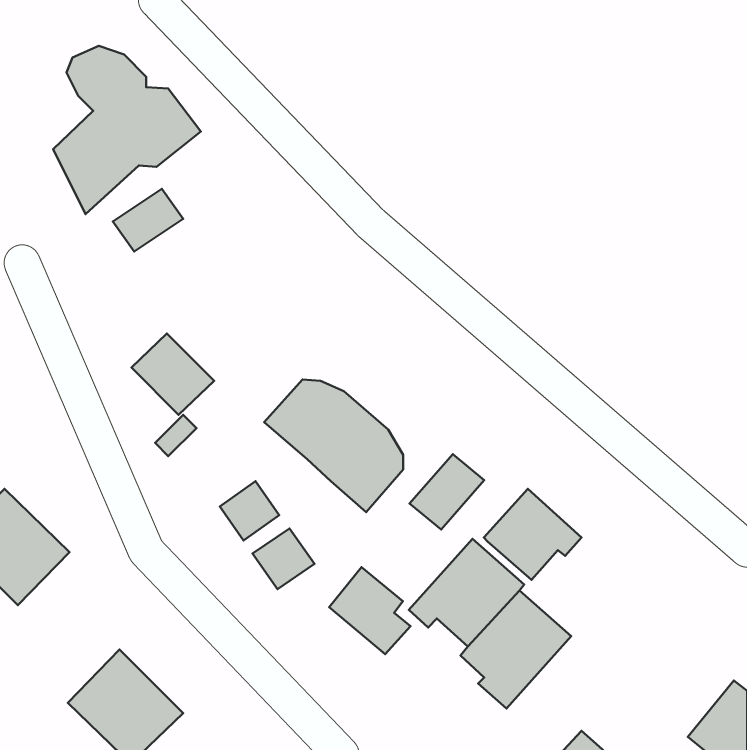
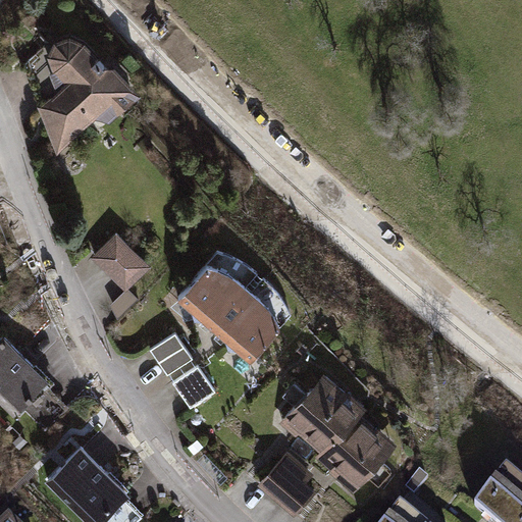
building: [113,189,183,252] -> none
building: [410,454,484,530] -> none
building: [484,489,582,580] -> none
building: [329,567,410,654] -> [262,457,318,517]

